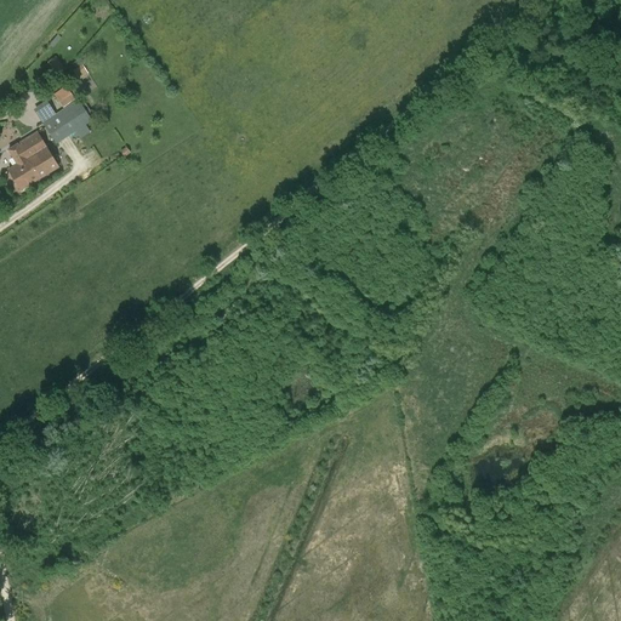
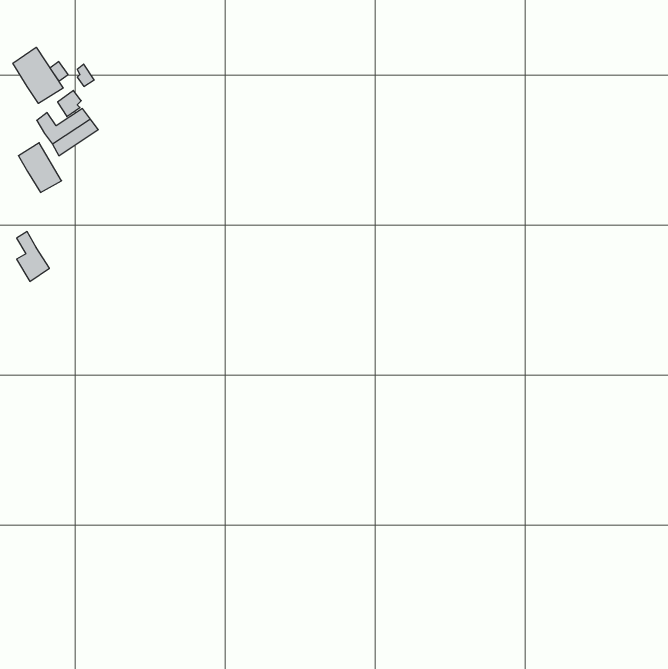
building: none -> [13,47,63,103]
building: [7,144,38,190] -> [17,232,49,281]

